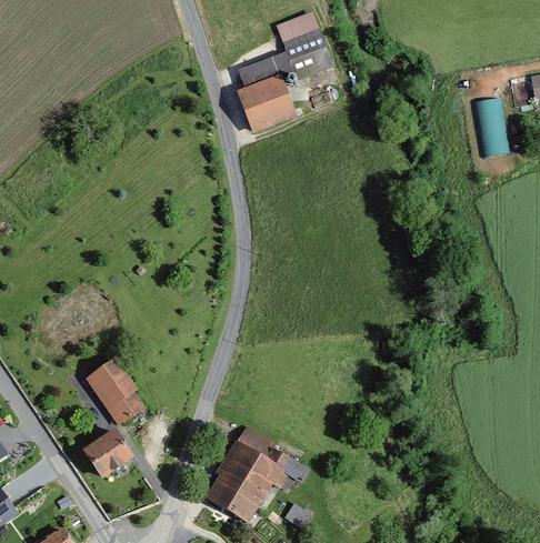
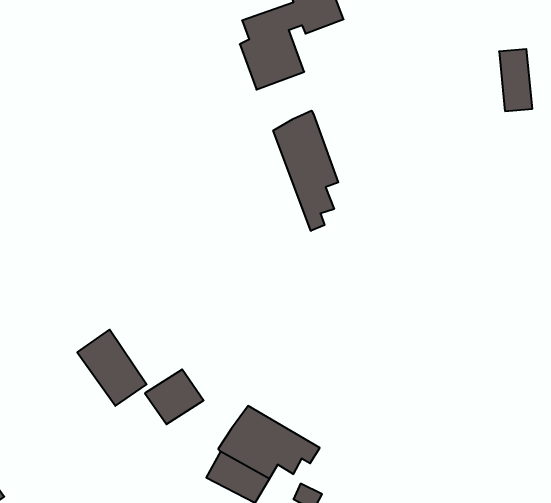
building: none -> [273,111,338,231]
building: [81,426,136,477] -> [145,369,204,424]

